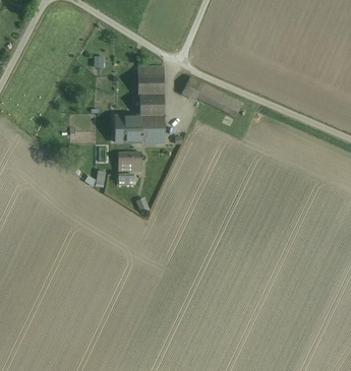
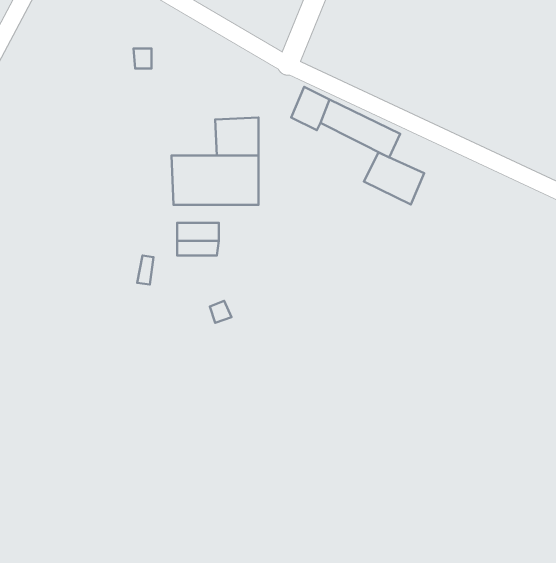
building: [137,66,164,95] -> none
building: none -> [364,153,424,205]

